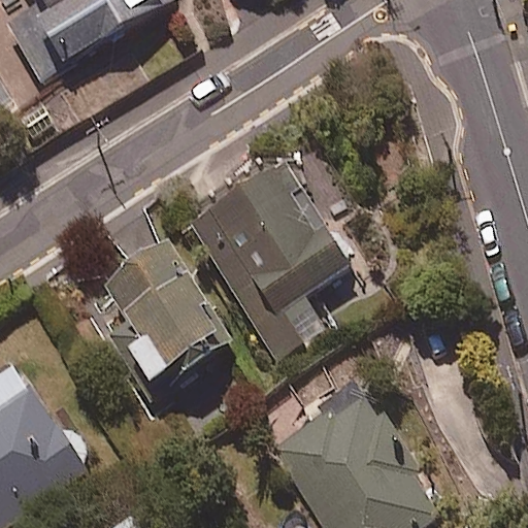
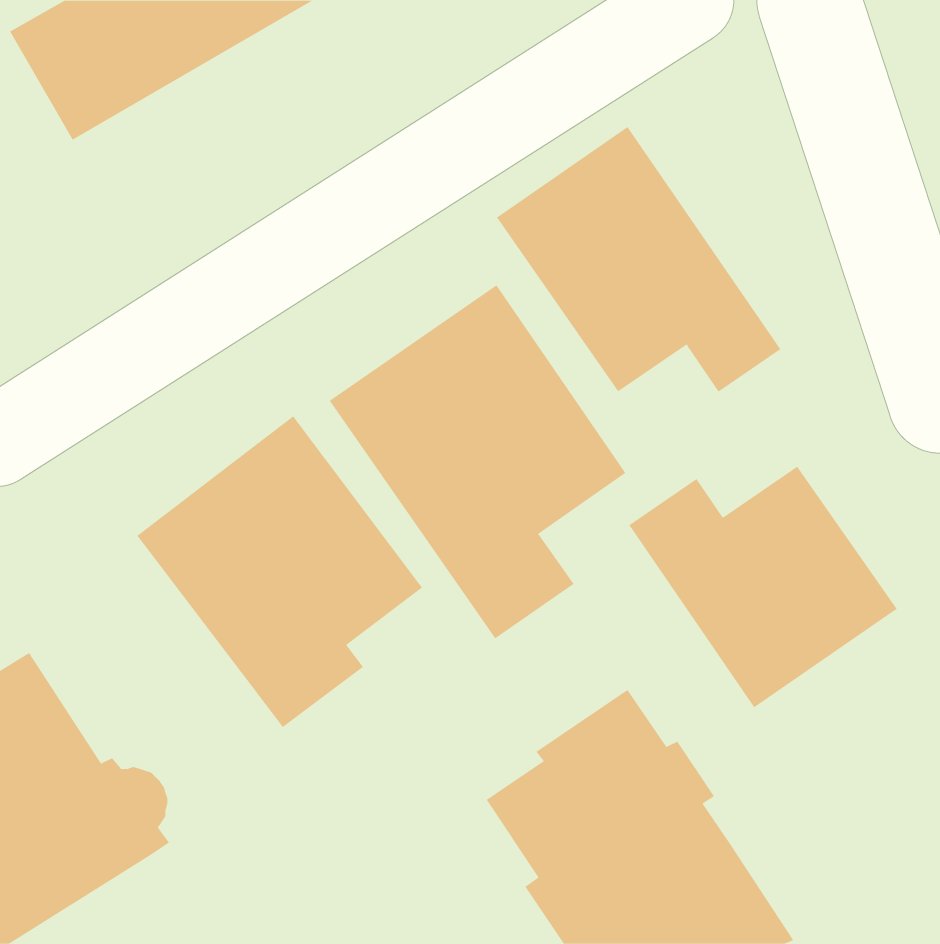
building: none -> [496,126,781,392]
building: none -> [628,466,897,708]

